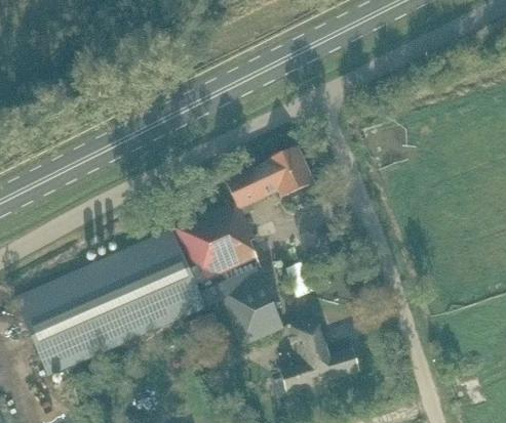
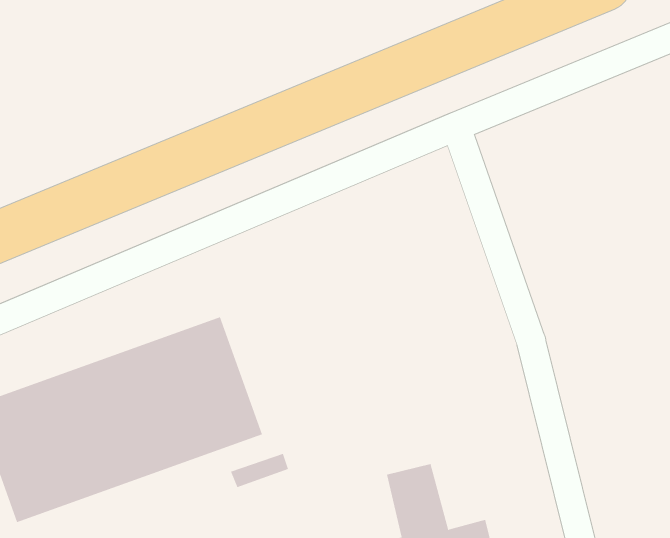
building: [177,147,314,282] -> none
building: [204,268,283,346] -> none

